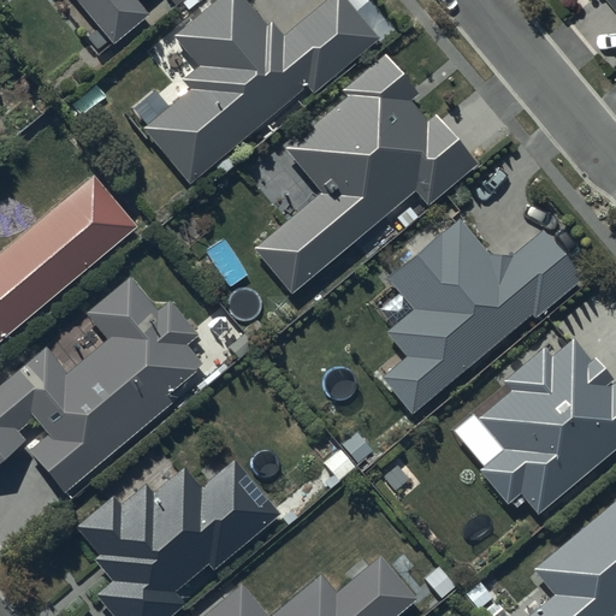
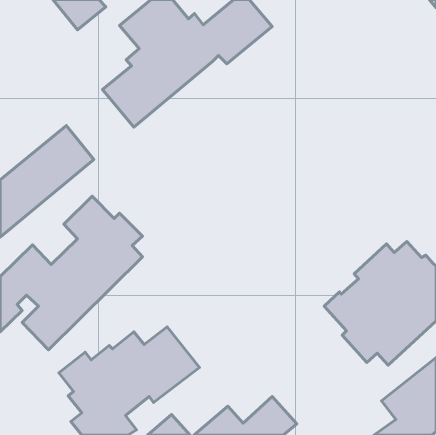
building: [257,53,478,291] -> none
building: [385,223,582,411] -> none

